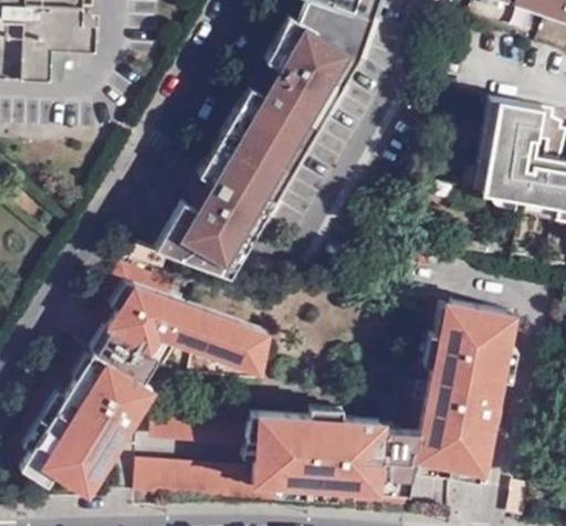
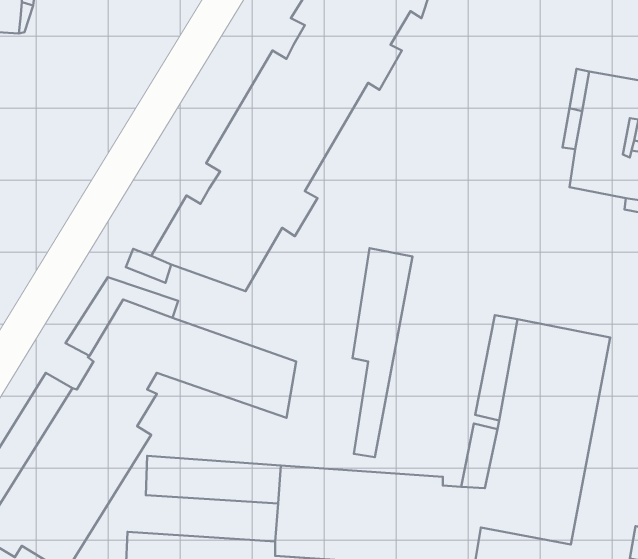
building: none -> [352,248,412,457]

